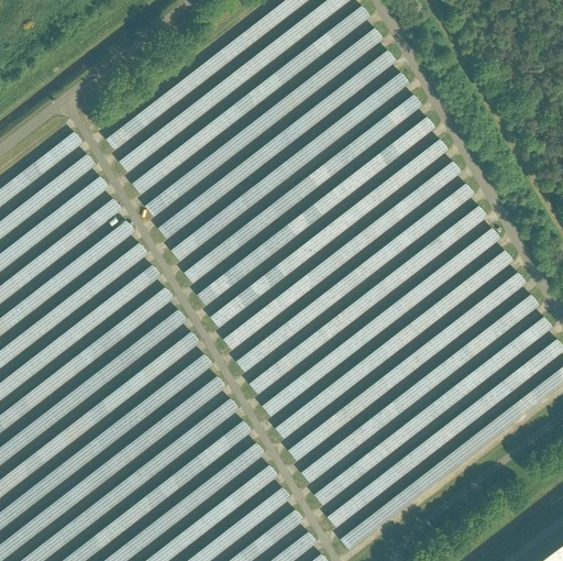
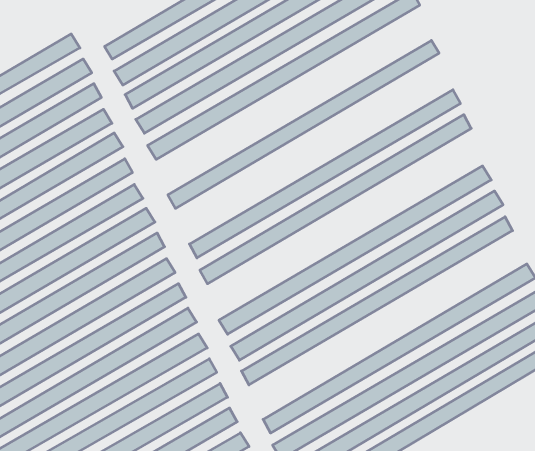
building: [169,70,409,261] -> none
building: [195,116,434,306] -> none
building: [234,183,474,373] -> none
building: [287,272,527,462] -> none

